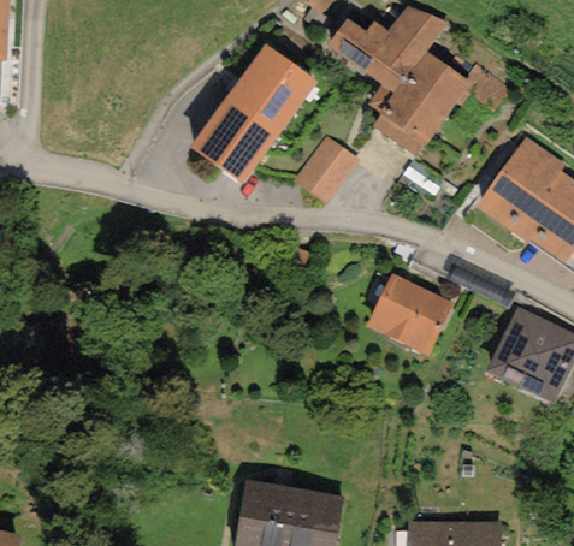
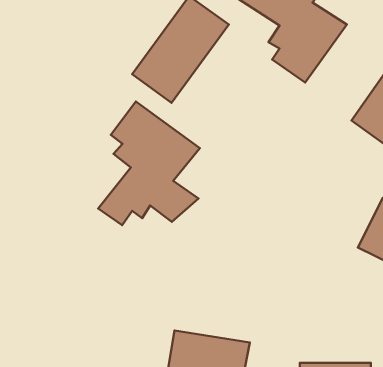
building: [291,135,360,206] -> none
building: none -> [98,101,200,225]
building: [367,273,454,355] -> none

